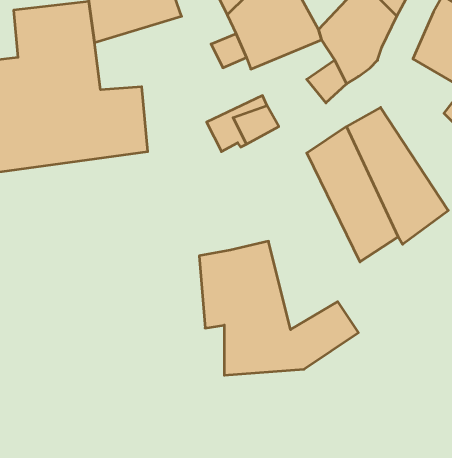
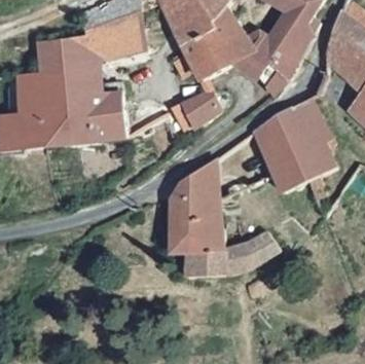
building: none -> [178,159,216,201]

